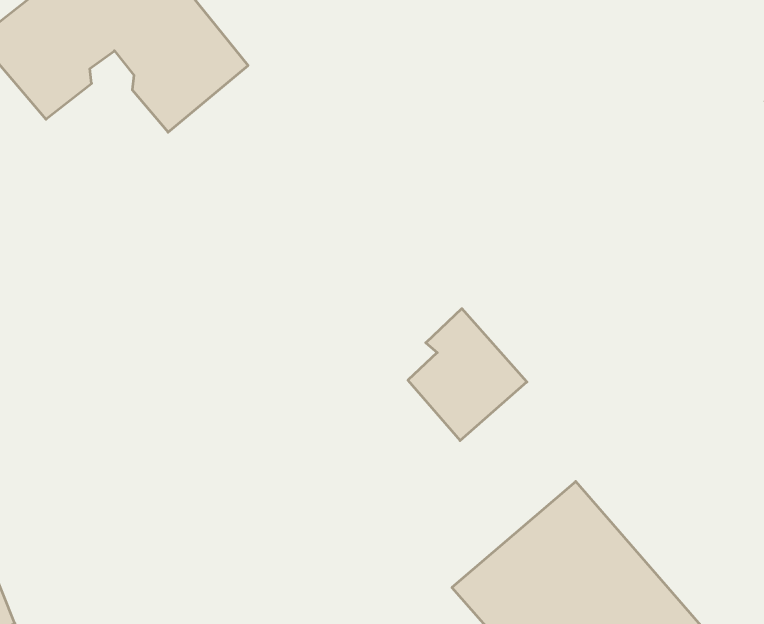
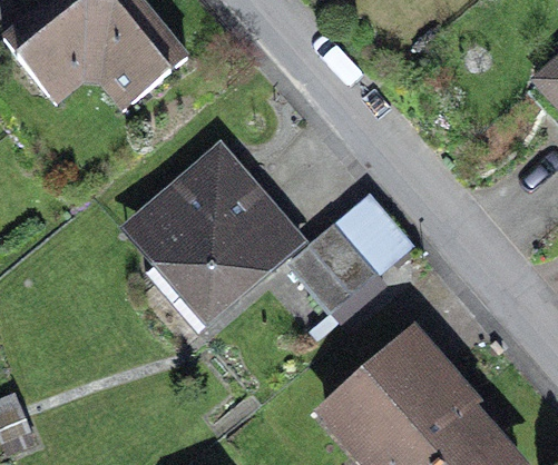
building: none -> [138,148,302,330]

